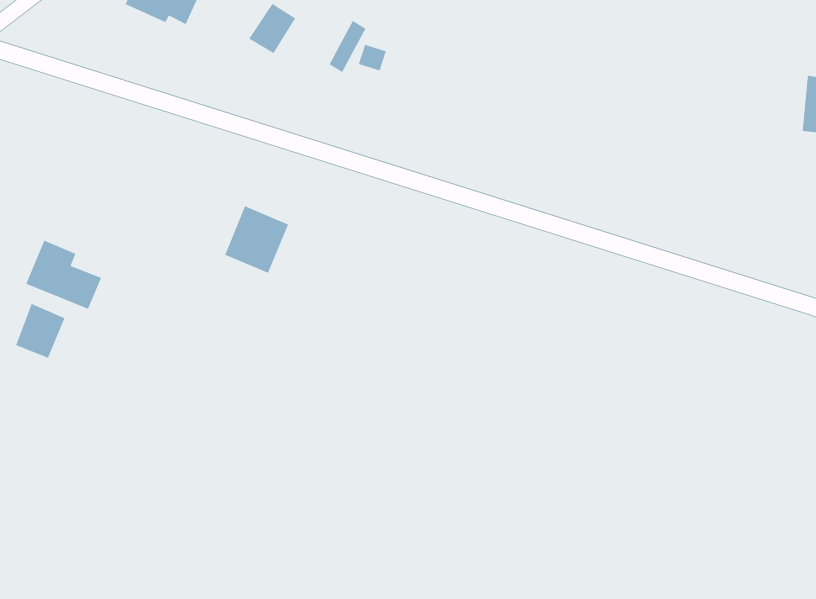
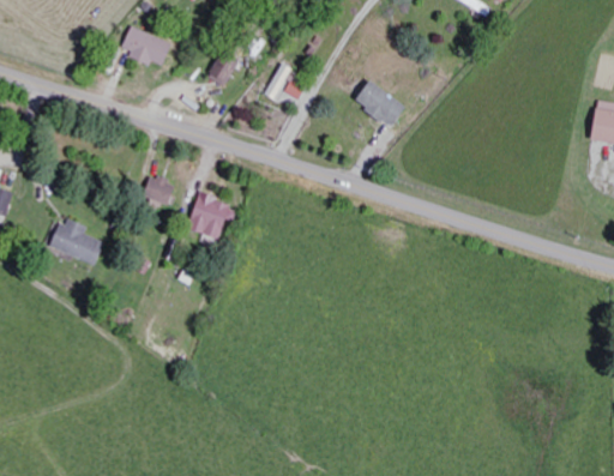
building: none -> [354,80,405,128]
building: none -> [144,177,175,205]
building: [15,303,66,359] -> none

